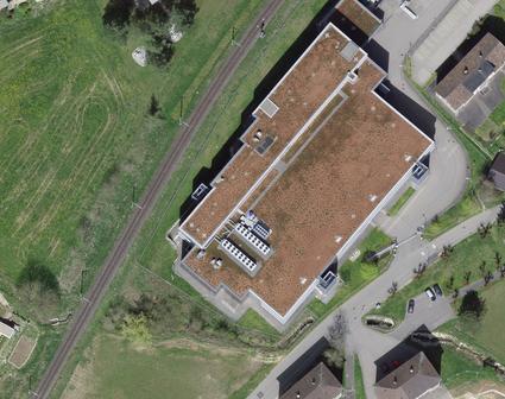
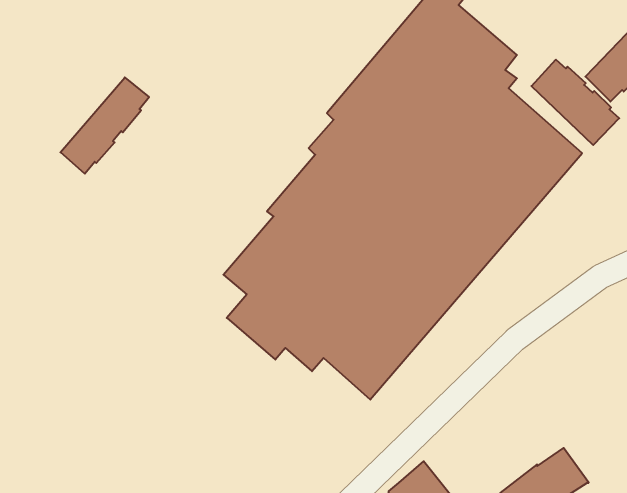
building: none -> [531,60,619,145]
building: none -> [60,77,149,174]

